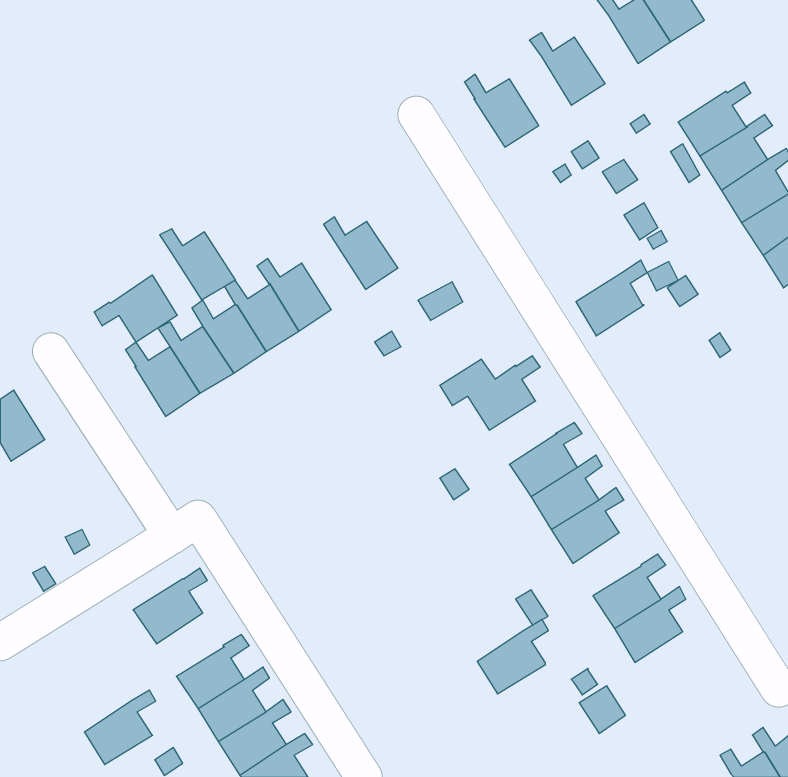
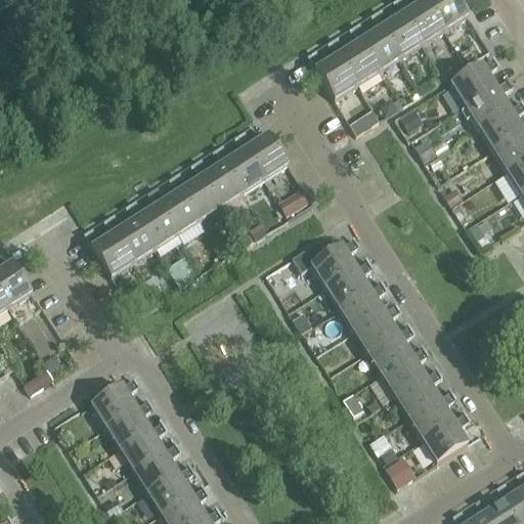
building: none -> [375,8,424,55]
building: none -> [331,36,380,83]
building: none -> [237,129,288,177]
building: [160,229,235,300] -> [193,158,244,205]
building: [576,260,647,336] -> [325,257,373,307]
building: [94,275,177,342] -> none
building: [477,620,548,694] -> [381,345,428,394]
building: none -> [422,410,470,461]
building: [84,690,156,765] -> [105,398,152,447]

